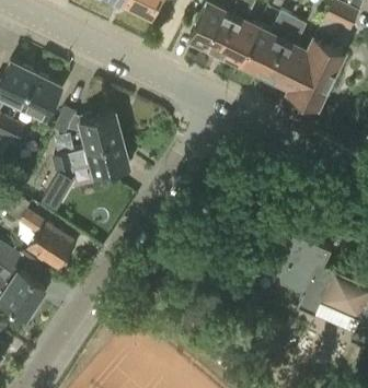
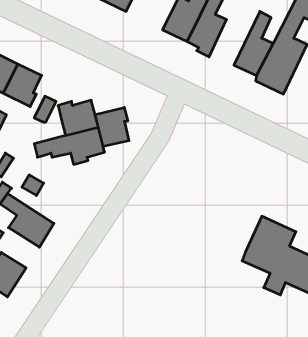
building: [240,12,294,74] -> none
building: none -> [95,107,129,147]

